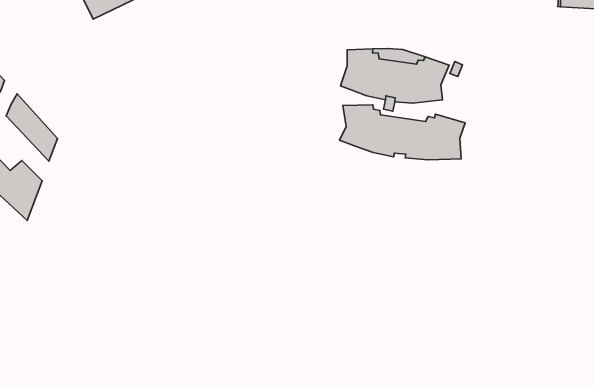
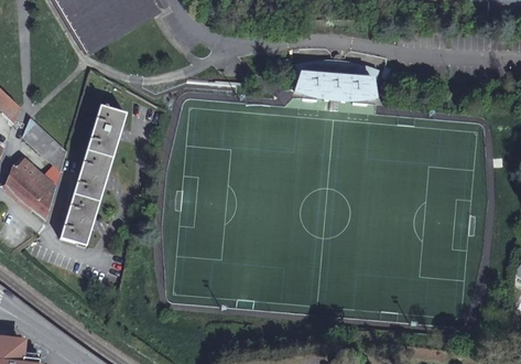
building: none -> [62,104,127,243]
building: [339,105,465,160] -> none

